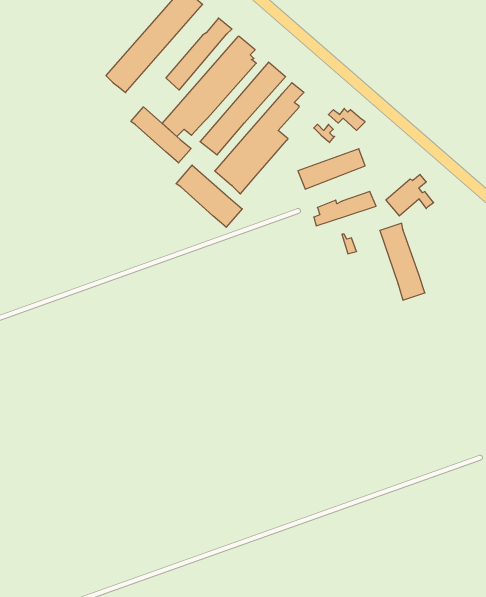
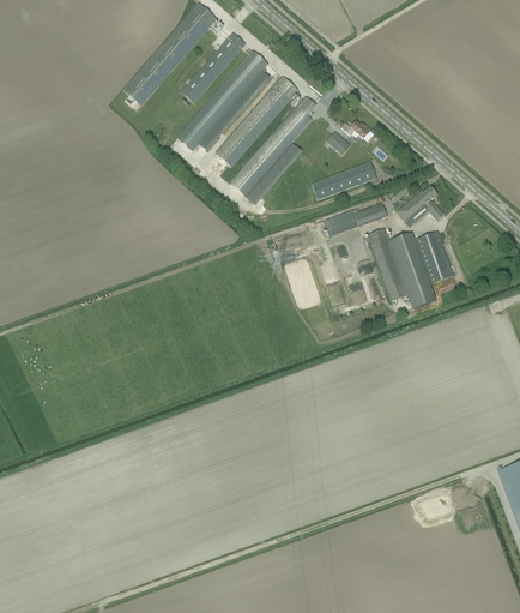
building: [131,107,191,163] -> none
building: [176,165,242,227] -> none
building: none -> [364,228,409,304]
building: none -> [413,230,454,284]

